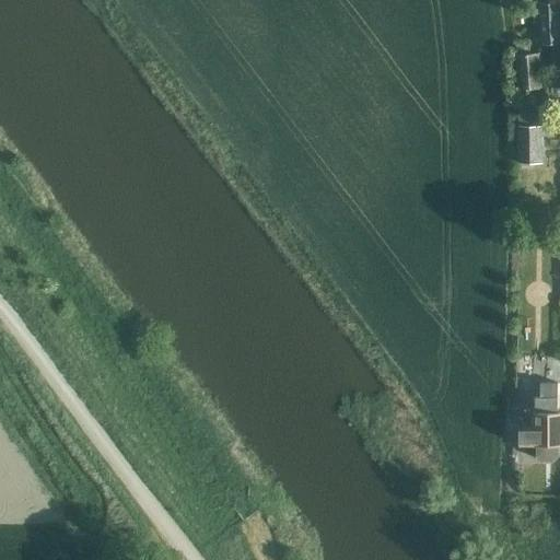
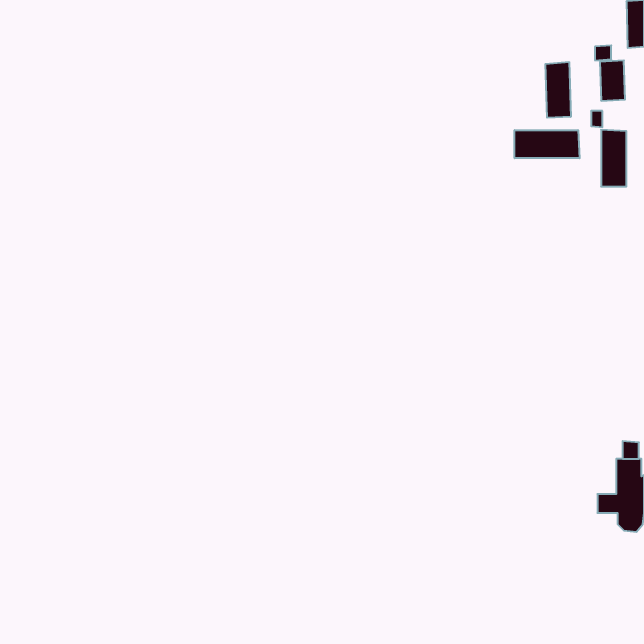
building: none -> [545,62,571,118]
building: none -> [515,130,580,158]

